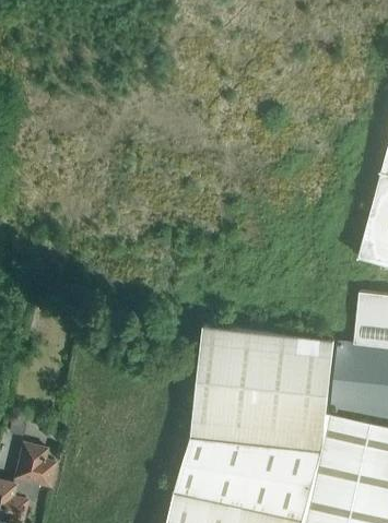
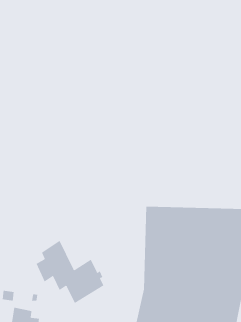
building: none -> [36,238,104,304]

